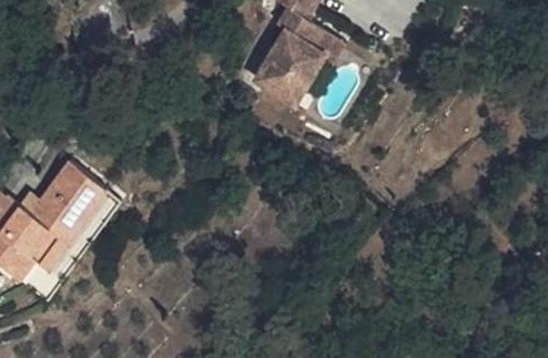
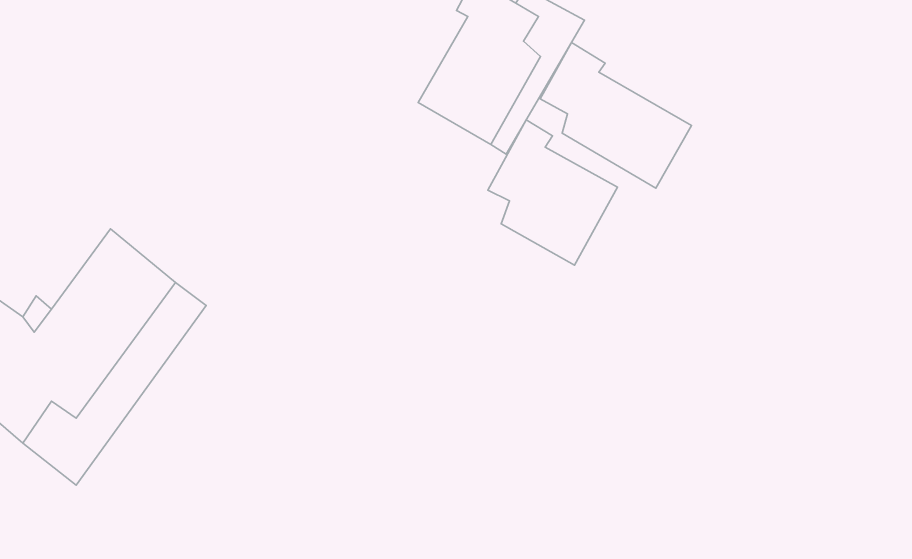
building: none -> [540,42,691,188]
building: none -> [488,120,618,265]

